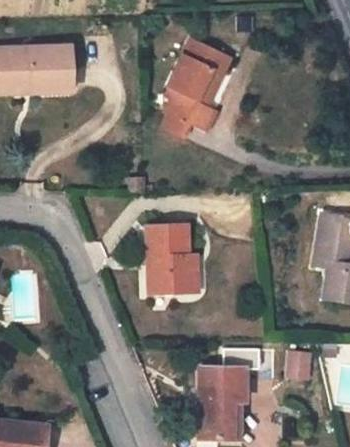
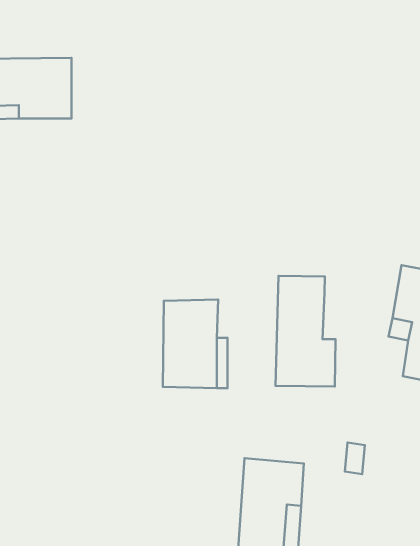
building: [166,39,233,139] -> none
building: none -> [276,276,335,387]

